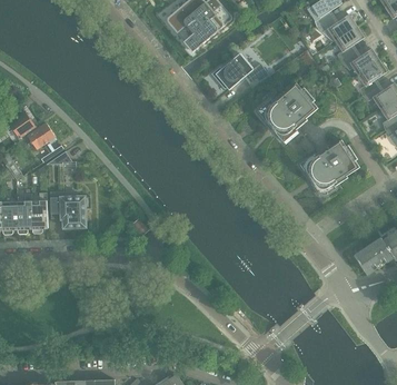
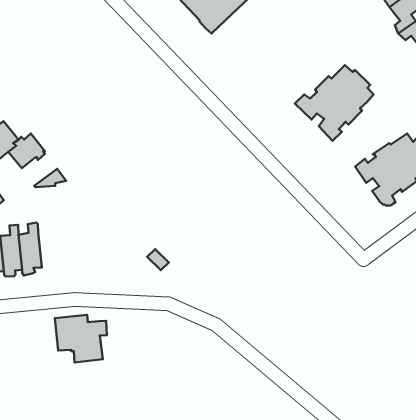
building: [211,53,268,90] -> none
building: [50,191,90,228] -> [55,315,107,362]

